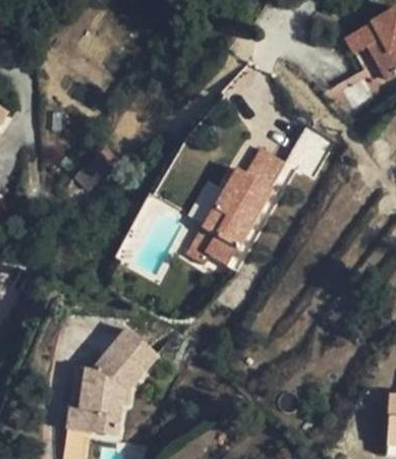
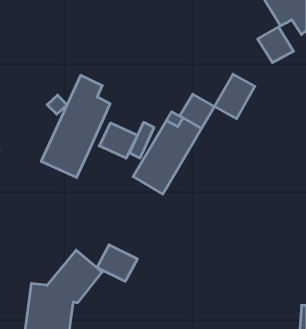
building: none -> [41,75,110,178]
building: none -> [99,123,138,158]
building: none -> [97,245,137,281]

